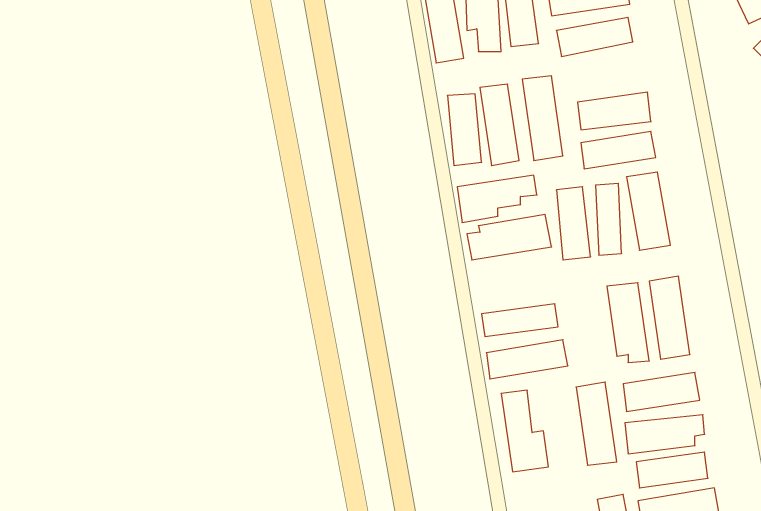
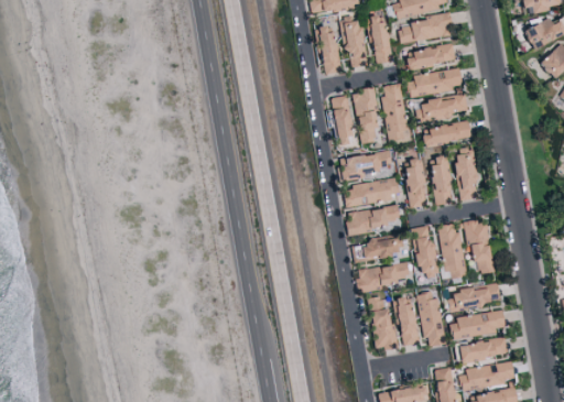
building: none -> [408,68,463,96]
building: none -> [346,204,402,233]
building: none -> [412,225,442,276]
building: none -> [394,296,421,346]

